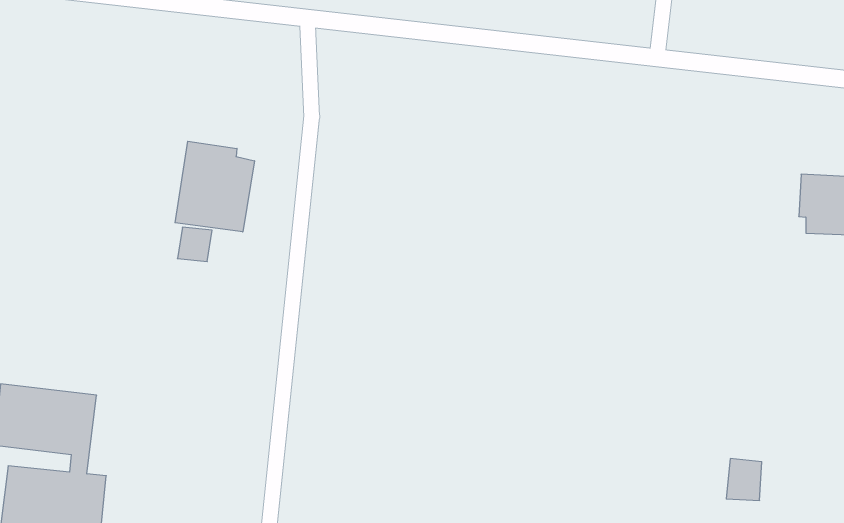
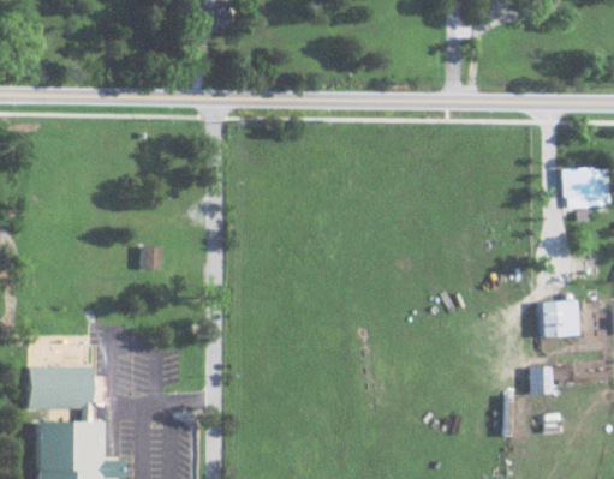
building: [175,141,254,232] -> none
building: none -> [542,299,579,336]

